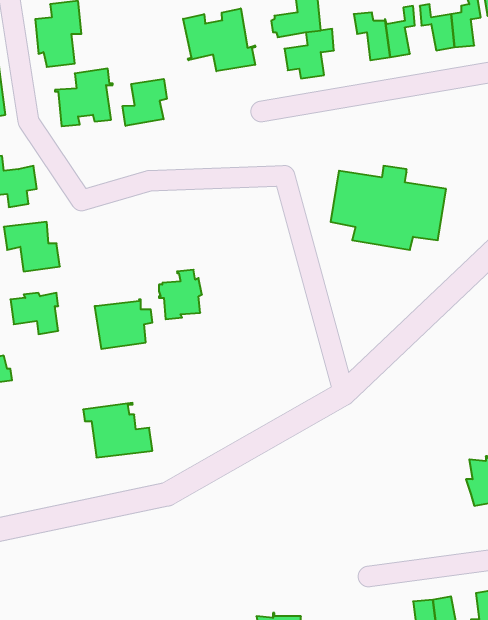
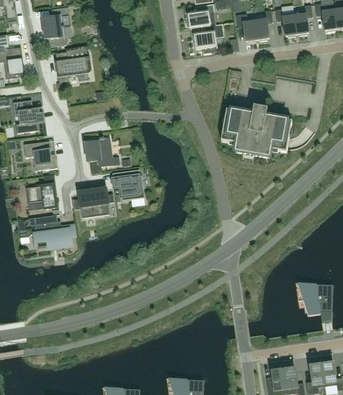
building: [183,8,255,71] -> none
building: [123,79,167,126] -> none
building: none -> [85,136,118,165]
building: [83,403,152,457] -> [29,213,71,246]

